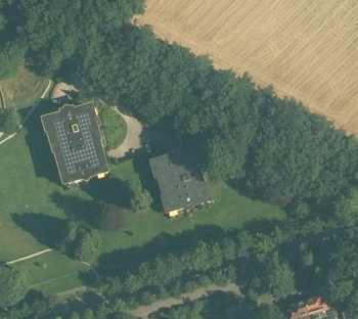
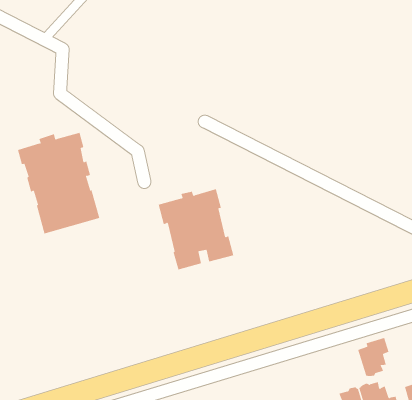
building: none -> [358,337,389,377]

